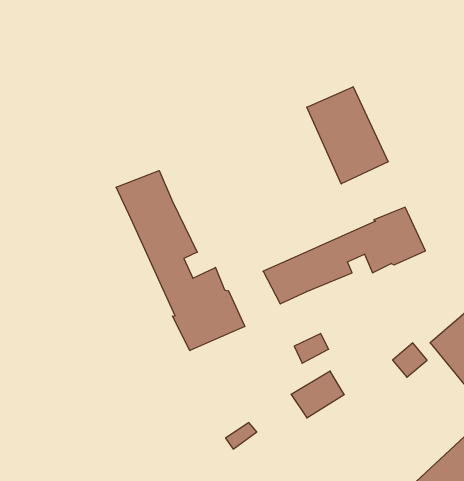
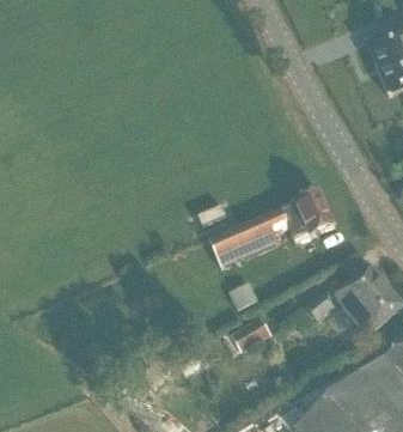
building: [307,87,388,184] -> none
building: [116,171,245,351] -> none

